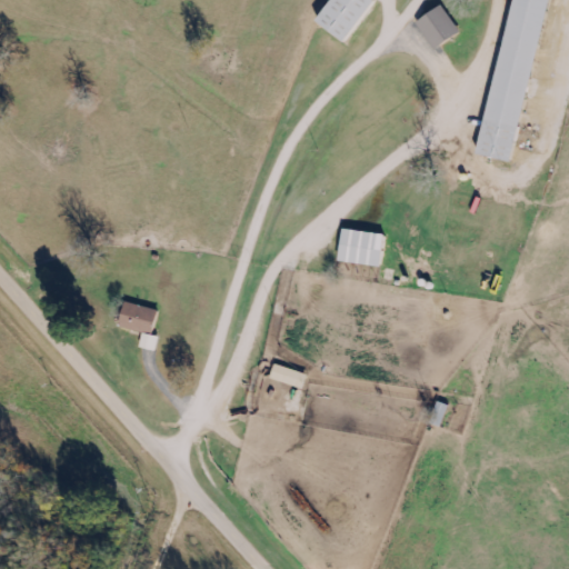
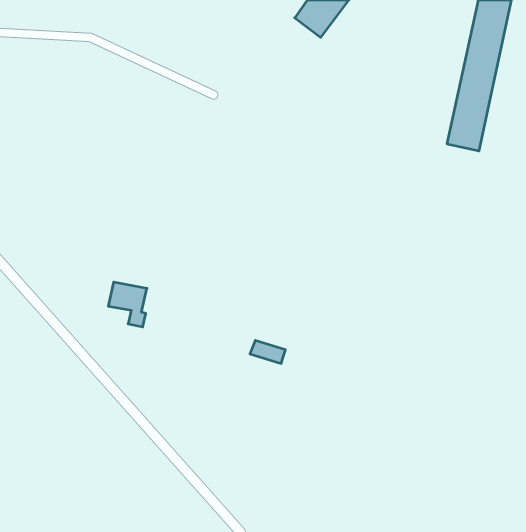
building: [412,4,457,49] -> none
building: [336,228,381,264] -> none

